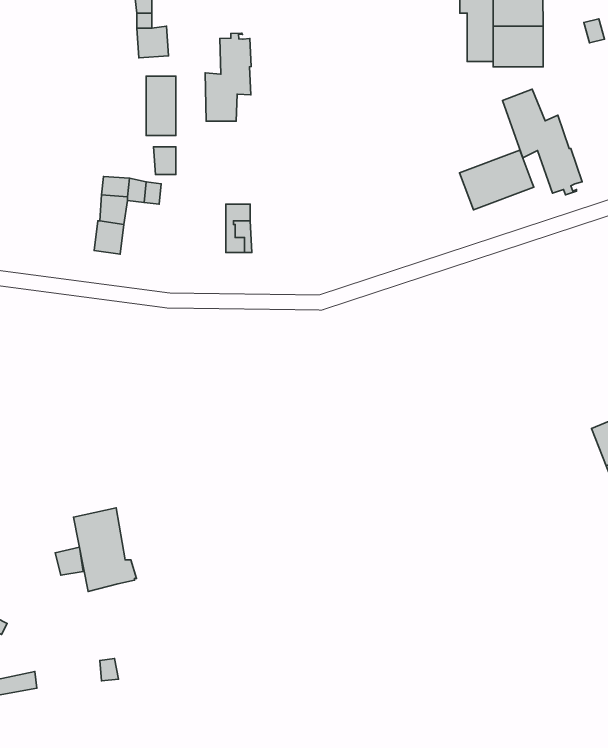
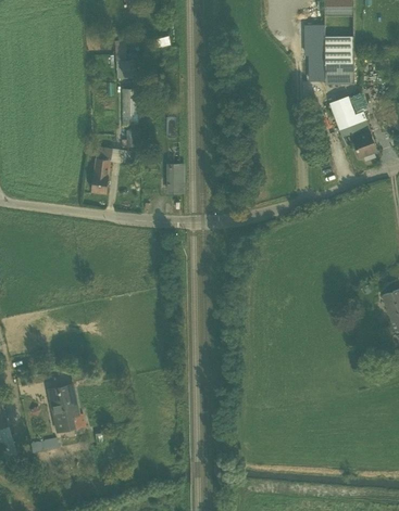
building: [205,33,251,121] -> none
building: [459,150,534,210] -> none
building: [73,508,136,591] -> [47,383,84,432]

